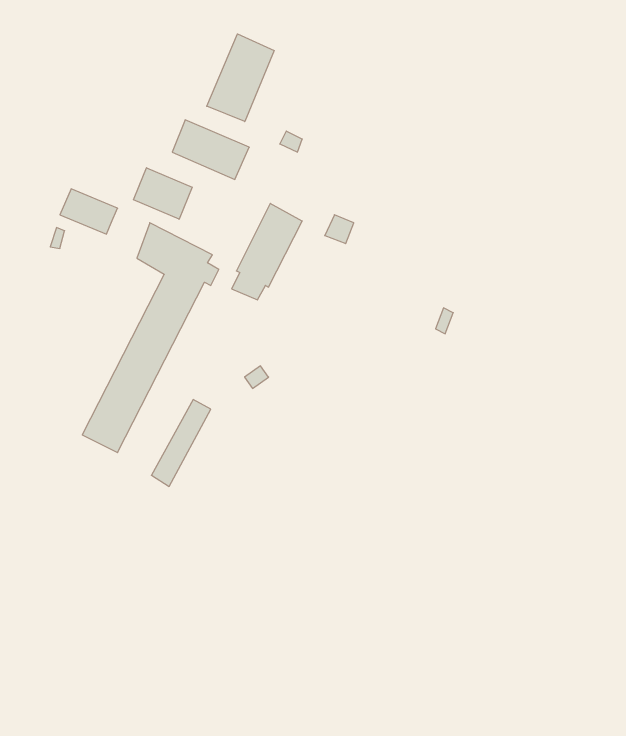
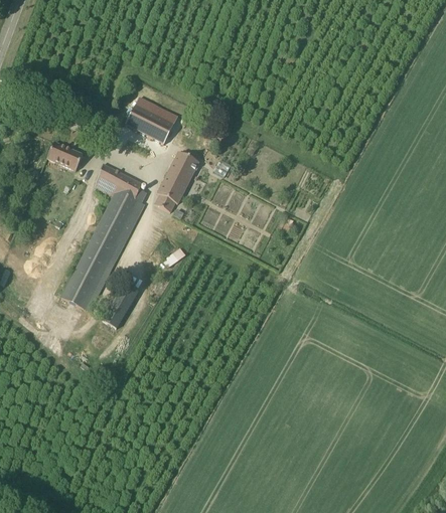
building: [207,34,274,122] -> none
building: [134,168,192,219] -> none

